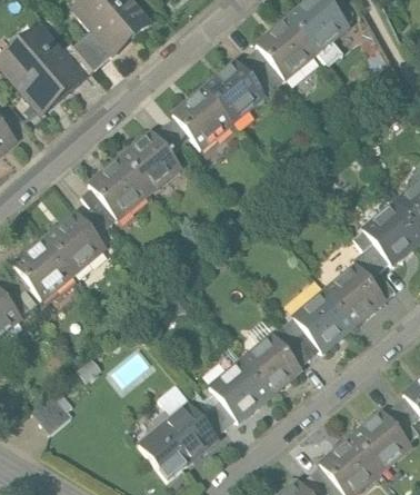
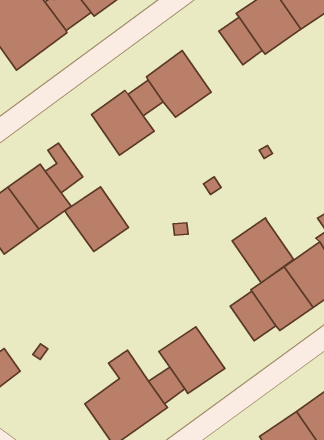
building: [206,58,270,122] -> none
building: [88,155,152,219] -> [65,187,129,251]
building: [242,330,304,395] -> [232,218,293,283]

